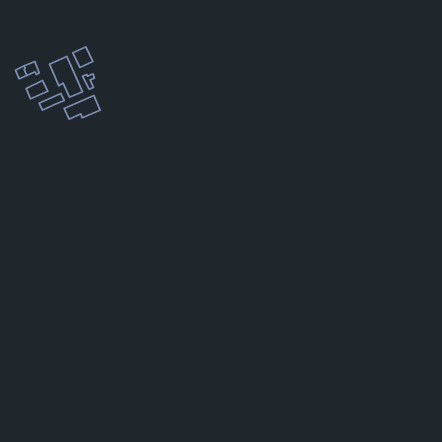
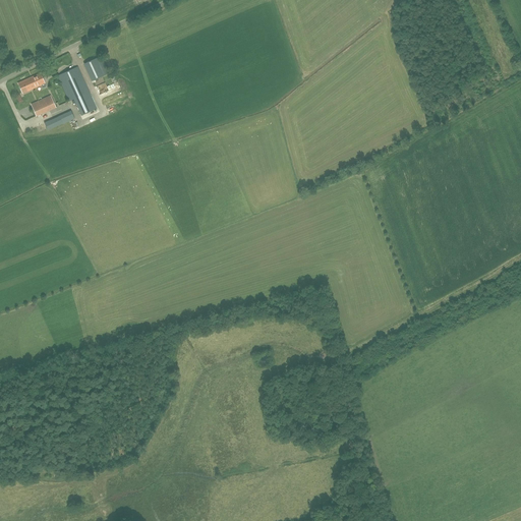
building: [64,95,100,119] -> none

